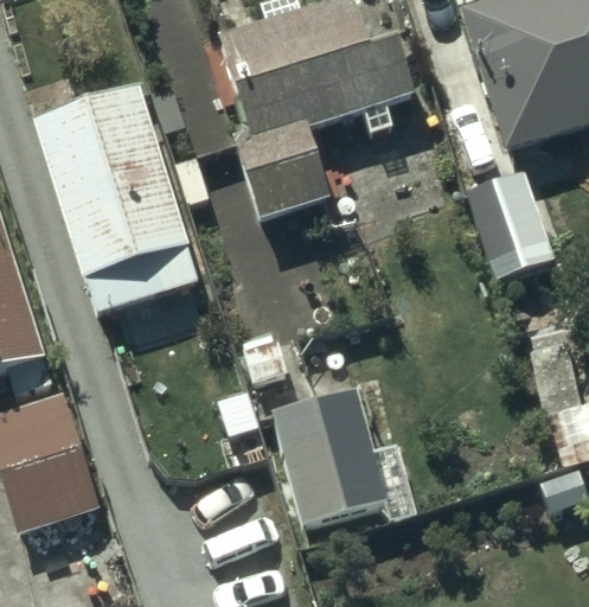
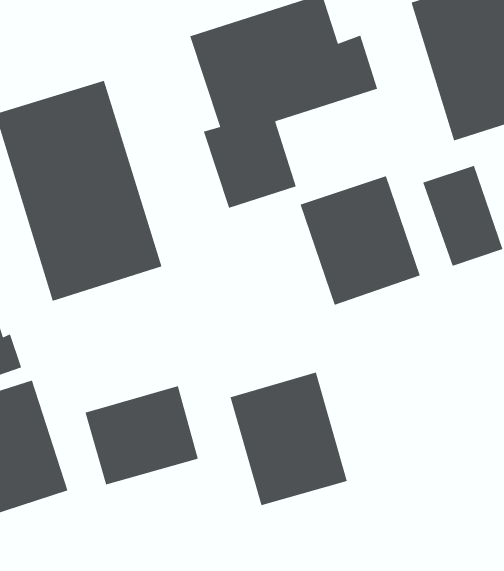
building: none -> [300,175,421,306]
building: none -> [84,385,199,485]

